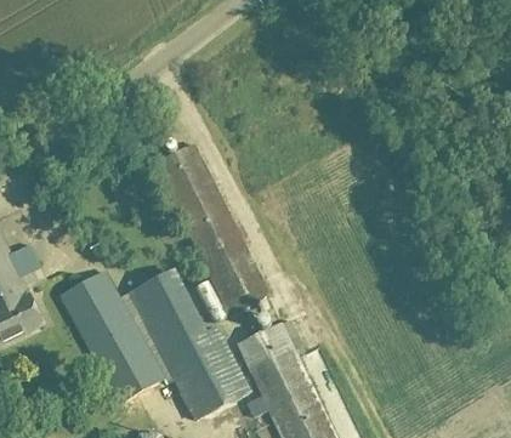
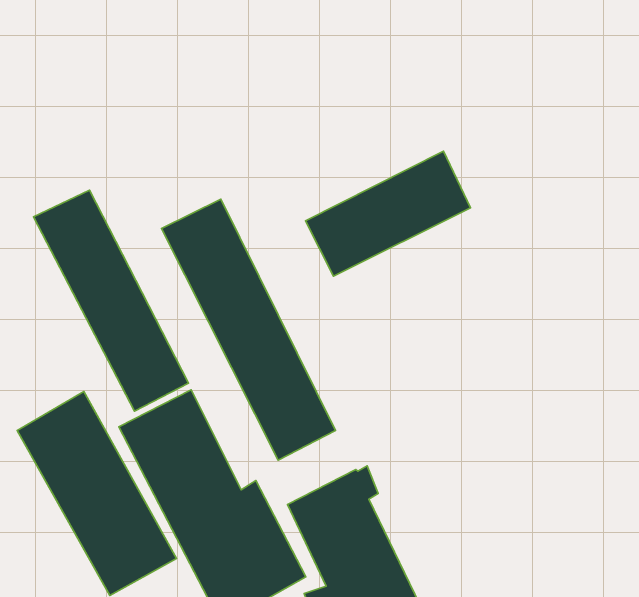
building: none -> [306,151,471,276]
building: none -> [34,190,189,411]

